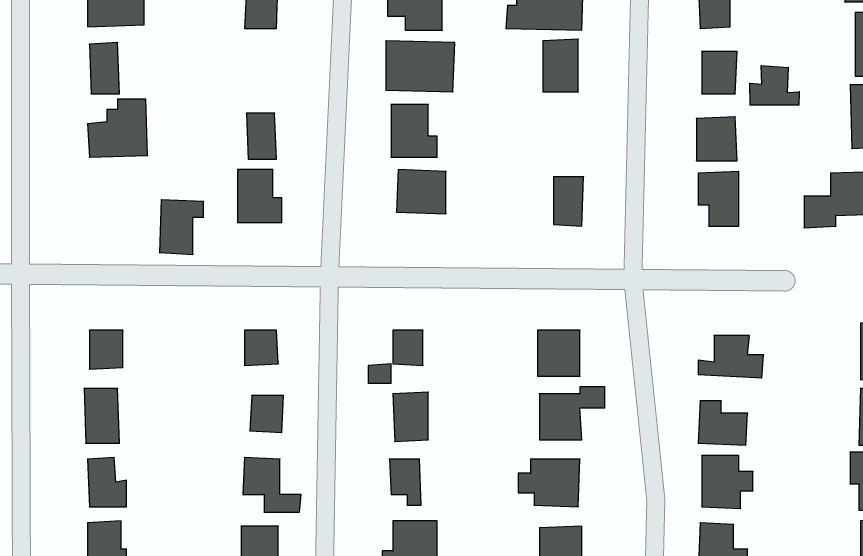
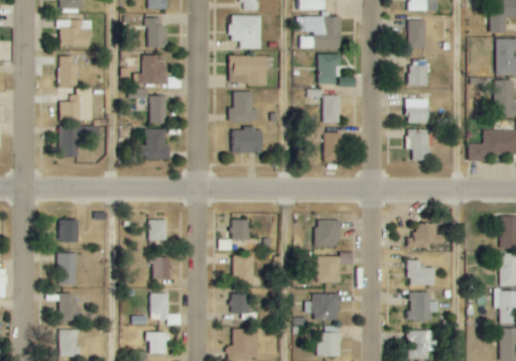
building: none -> [133,54,167,84]
building: [750,66,799,105] -> none
building: none -> [321,95,341,123]
building: [159,200,204,254] -> [59,126,85,157]

